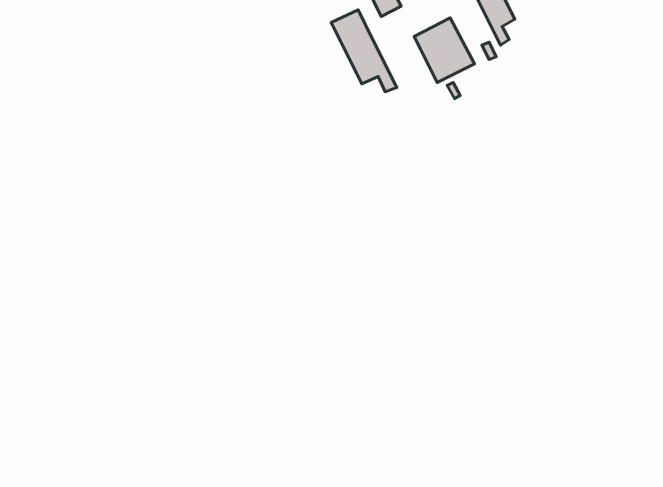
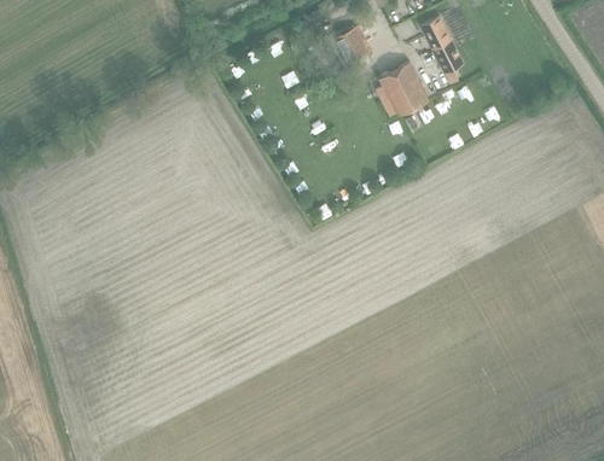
building: [331,10,397,92] -> none

